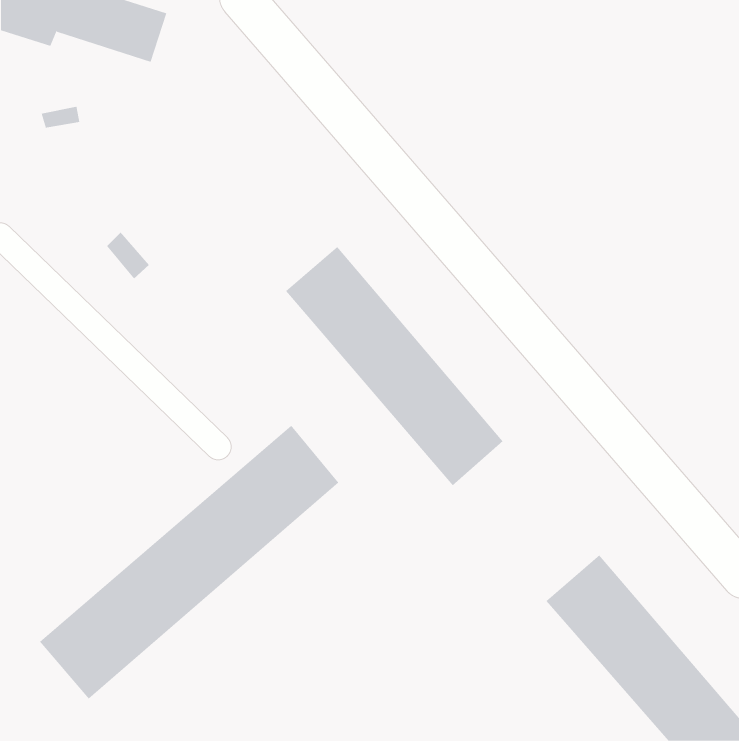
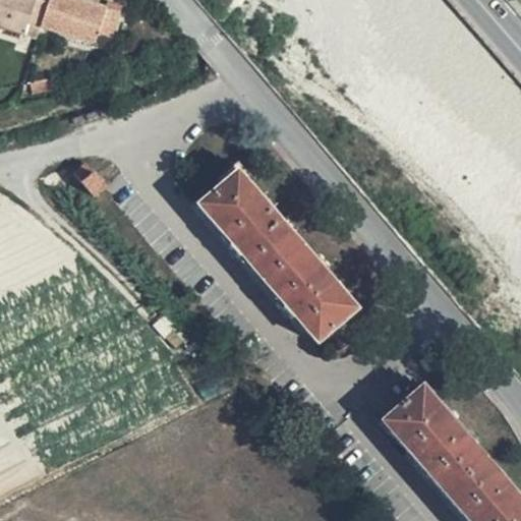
building: [39,425,339,700] -> none

